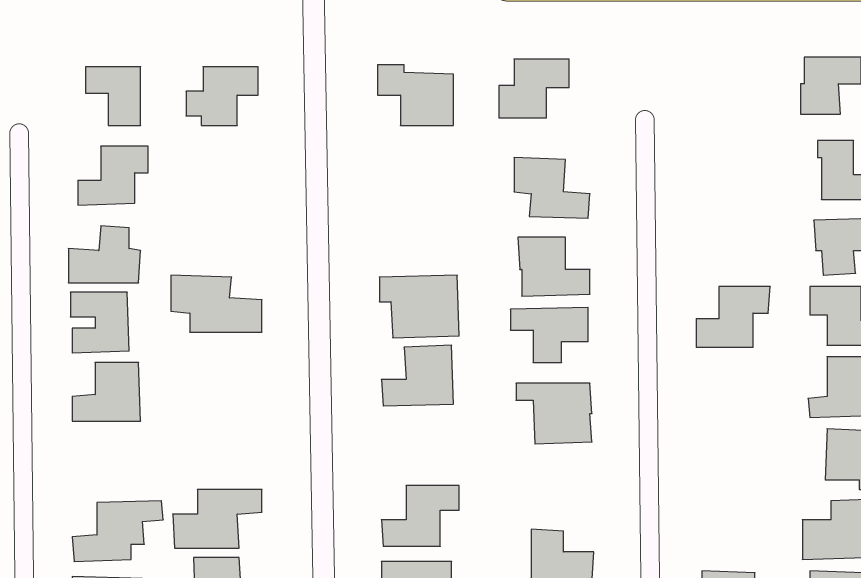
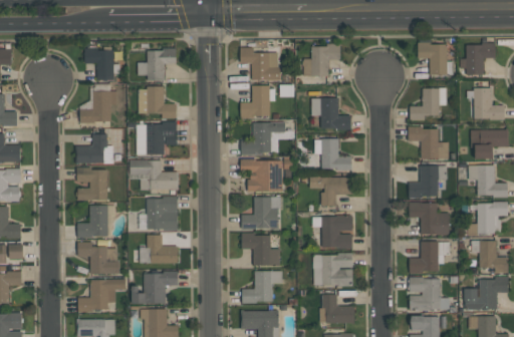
building: none -> [417,42,453,75]
building: none -> [240,86,275,117]
building: none -> [138,87,177,119]
building: none -> [410,88,446,121]
building: none -> [240,122,294,153]
building: none -> [136,123,177,155]
building: none -> [408,127,449,158]
building: none -> [147,198,178,230]
building: none -> [408,203,449,235]
building: none -> [241,234,280,266]
building: none -> [140,235,178,264]
building: none -> [409,242,449,273]
building: none -> [77,243,118,274]
building: none -> [313,254,352,286]
building: none -> [409,278,449,311]

